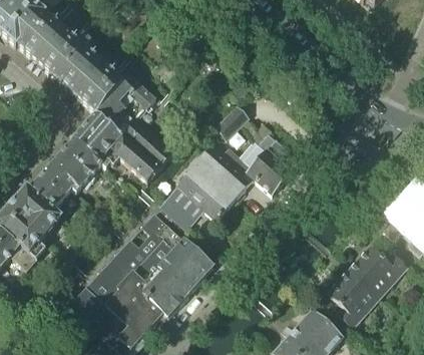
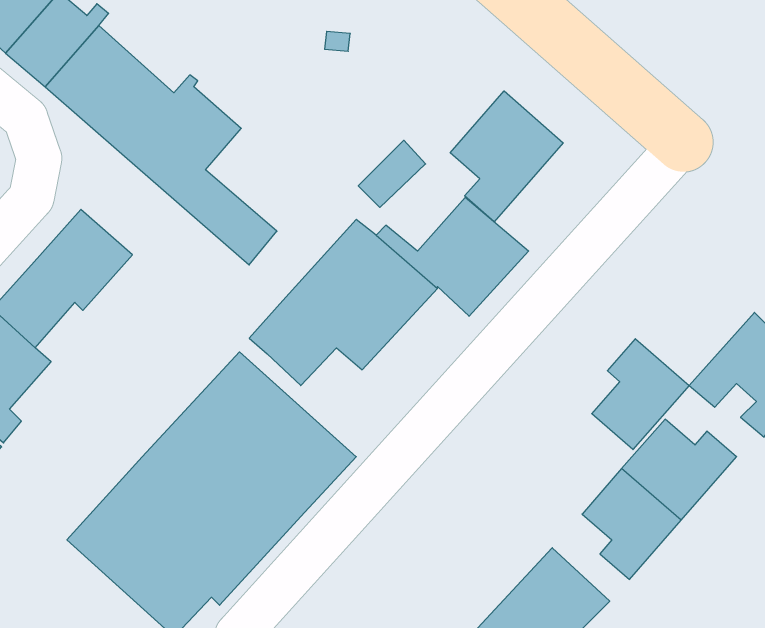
building: none -> [450,91,563,222]
building: [75,110,161,179] -> none
building: none -> [592,339,689,450]

